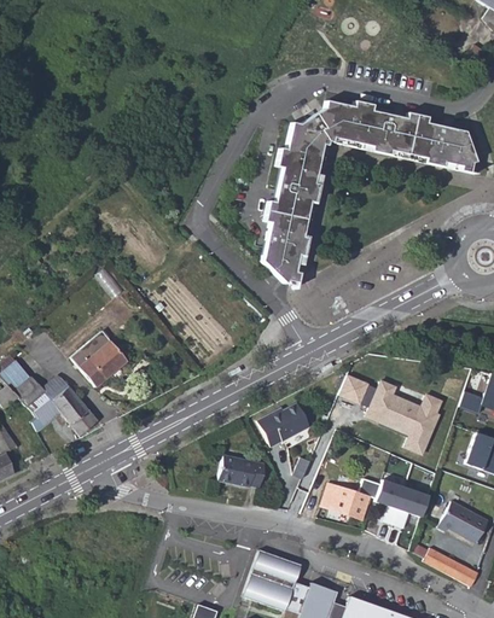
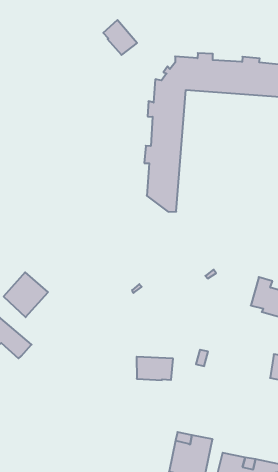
building: none -> [103,20,137,55]
building: [342,373,372,404] -> none
building: [256,402,309,445] -> none
building: [321,482,372,517] -> none

